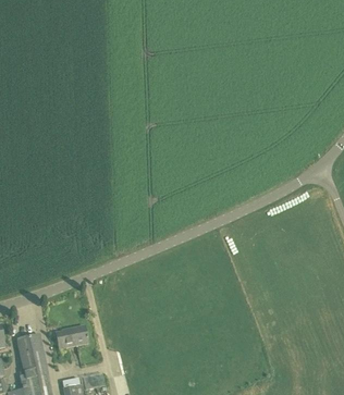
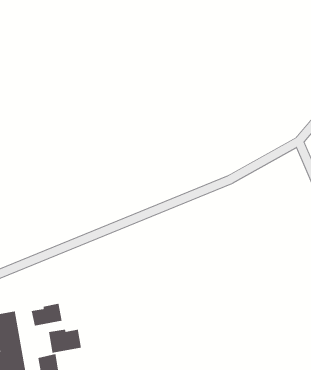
building: none -> [48,329,81,353]

